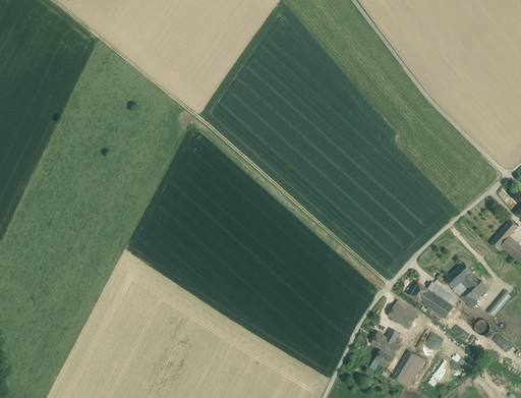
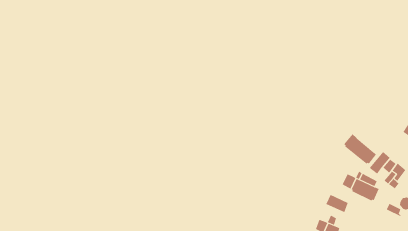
building: none -> [343,134,377,165]

